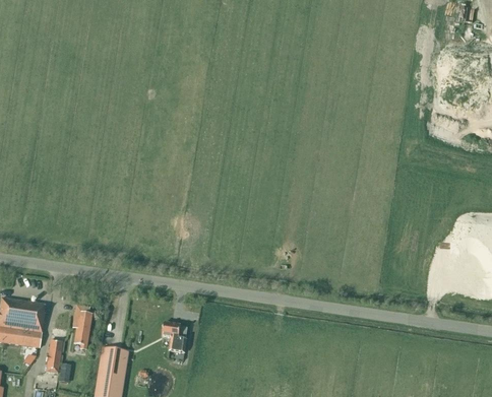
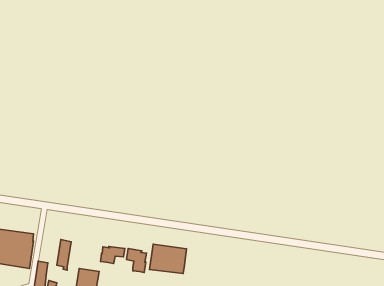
building: none -> [150,244,187,273]
building: none -> [100,246,125,263]

